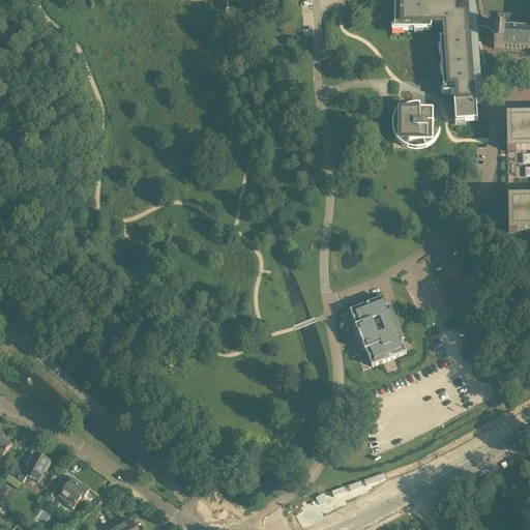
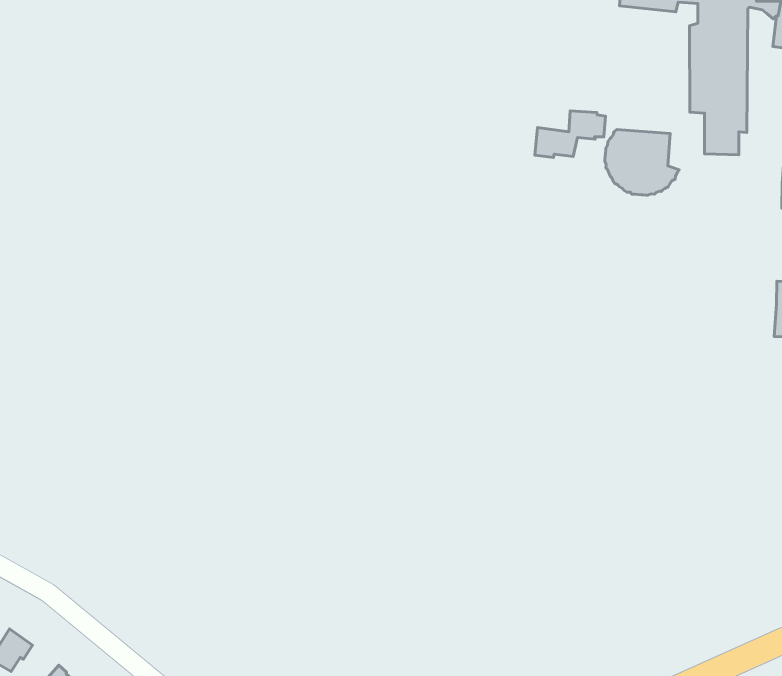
building: none -> [535,111,605,158]
building: [350,294,406,362] -> none

